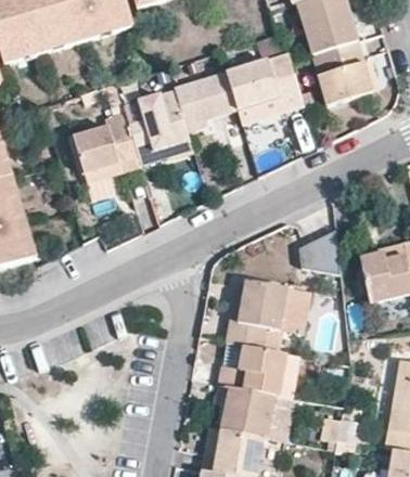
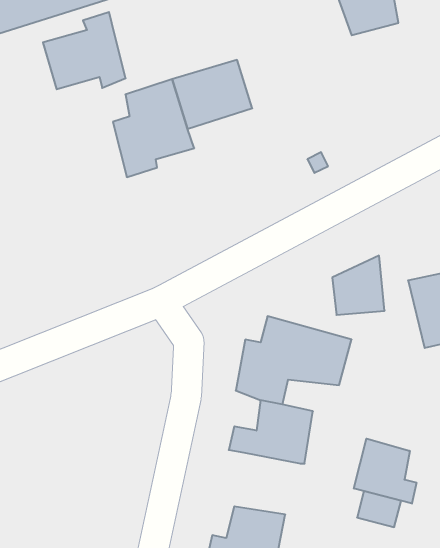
building: [311,42,373,107] -> none
building: [226,54,303,112] -> none
building: [74,114,139,175] -> [43,12,126,89]
building: none -> [354,439,416,504]
building: [223,383,276,431] -> none

